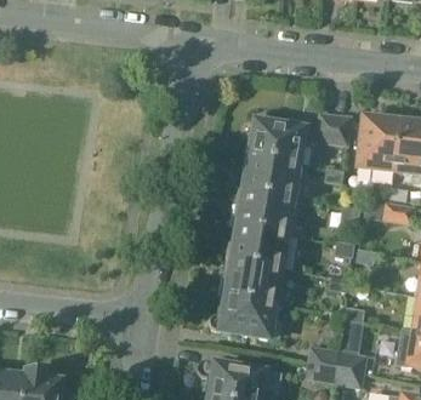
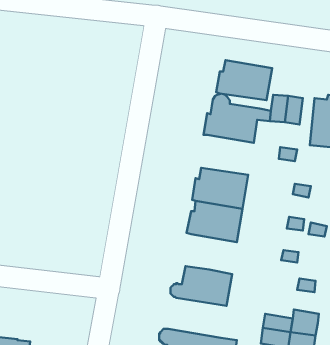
building: [239,156,298,199] -> [216,60,272,100]
building: [222,262,280,304] -> none

